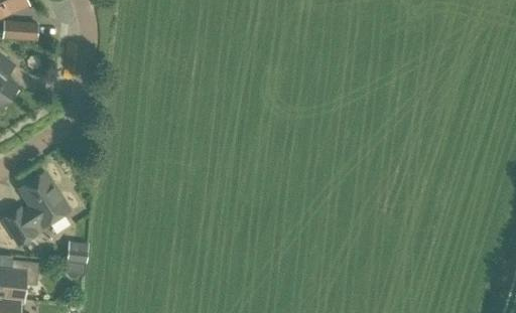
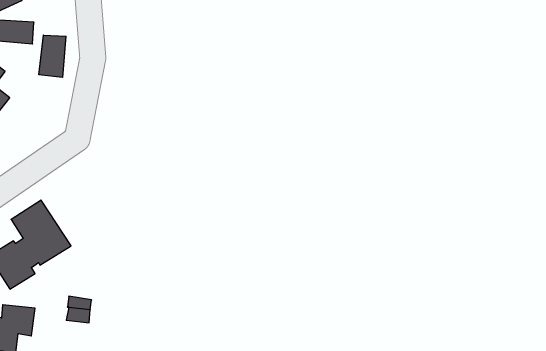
building: none -> [39,35,66,77]

